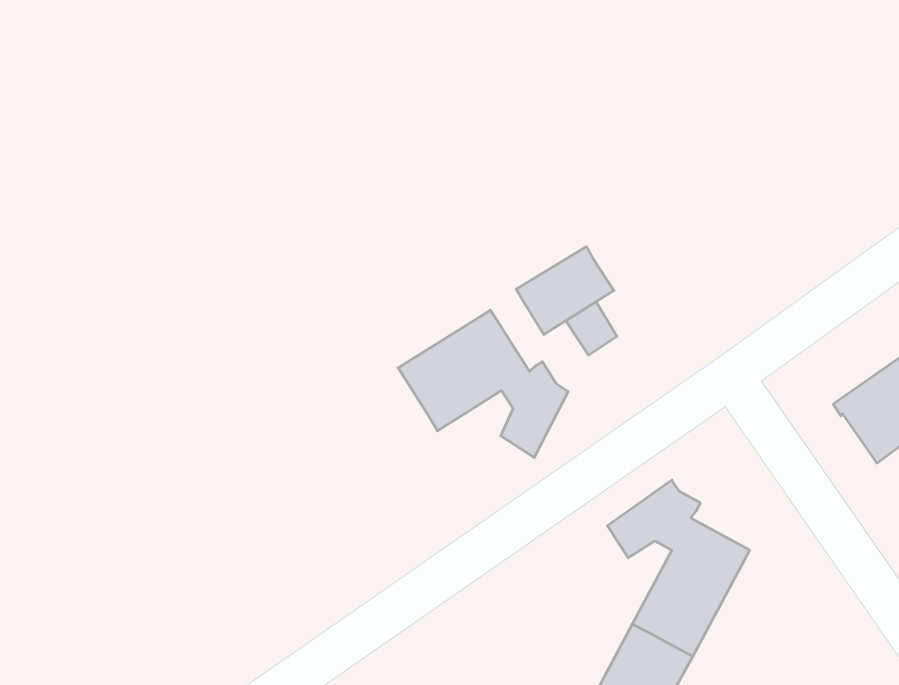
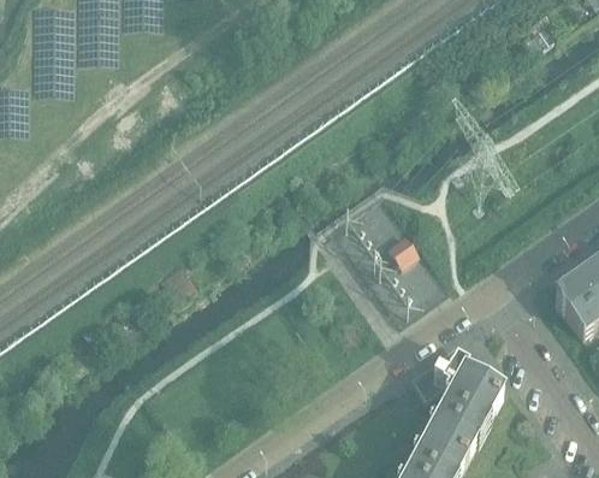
building: [516,247,614,335] -> none
building: [398,310,568,458] -> none

